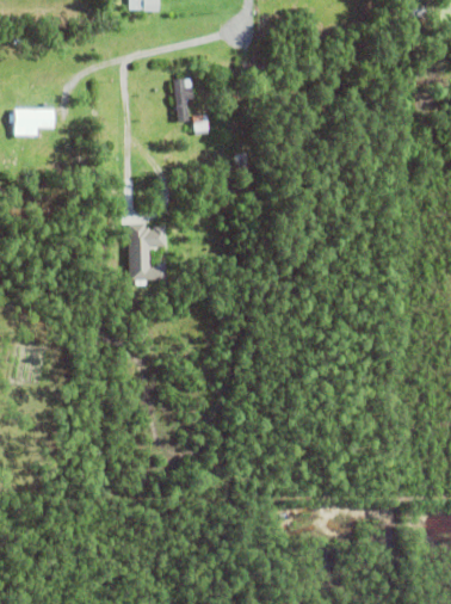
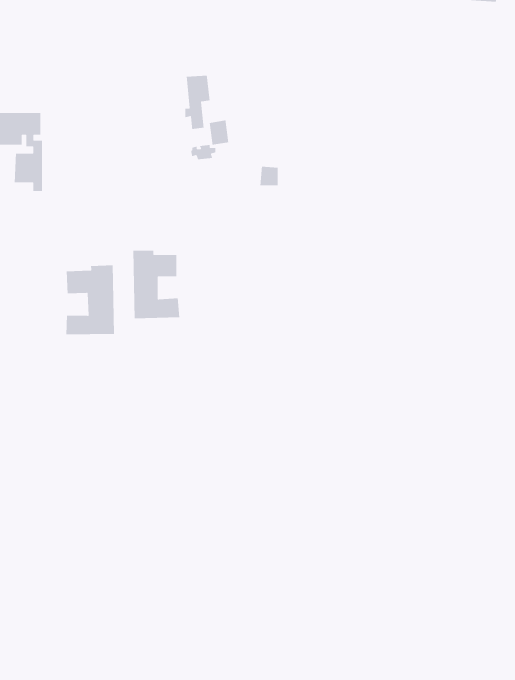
building: none -> [65,265,115,335]

